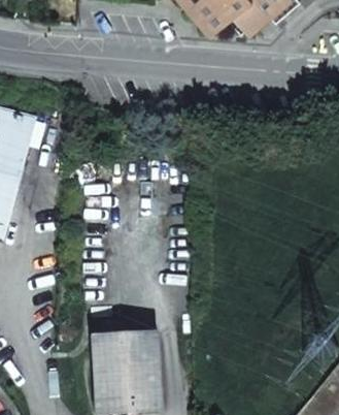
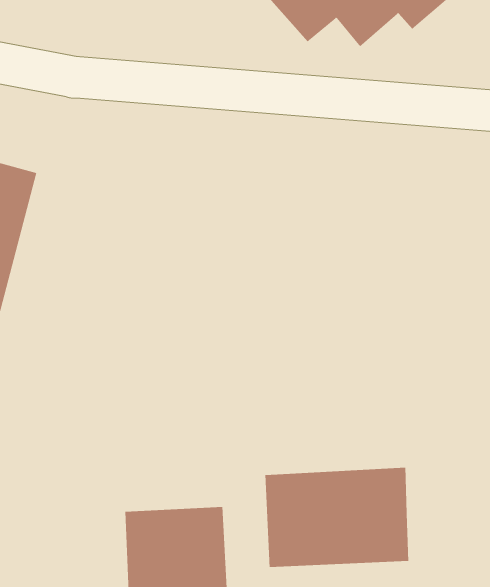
building: none -> [265,467,409,568]

